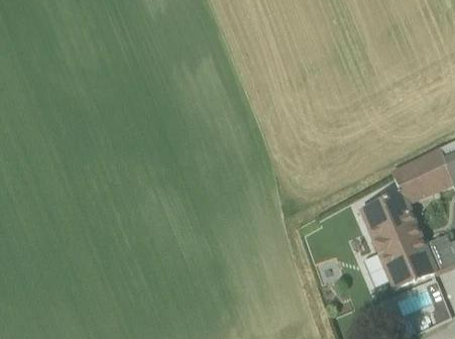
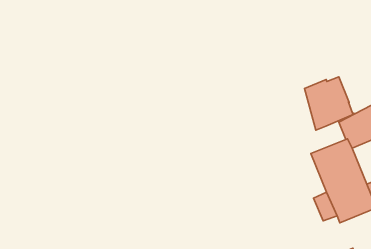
building: none -> [305,77,354,130]

